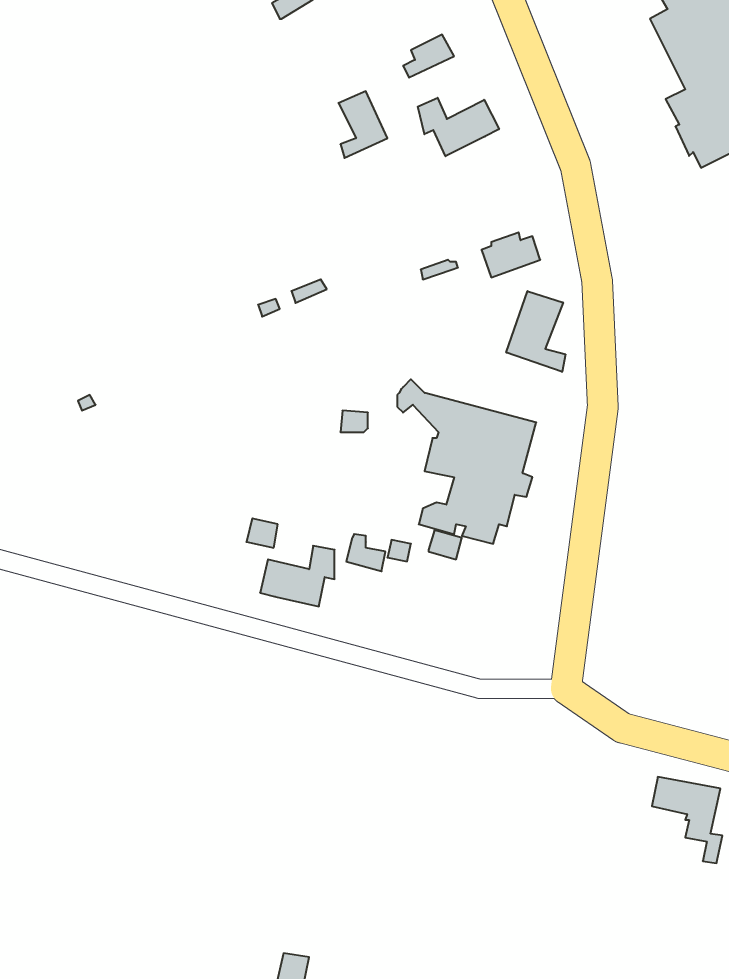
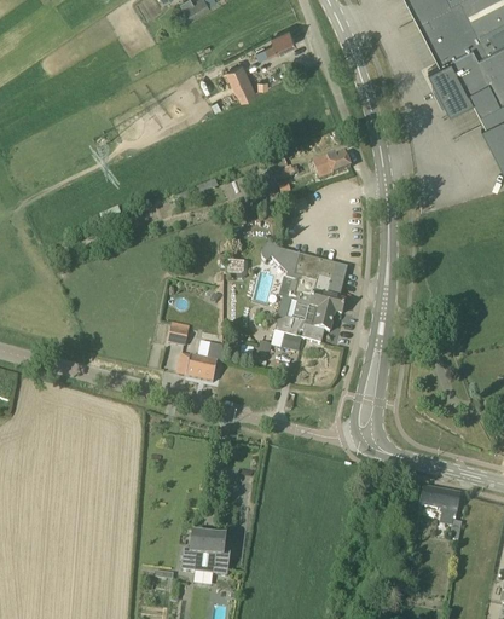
building: [418,98,499,156] -> none
building: [506,291,565,372] -> none
building: none -> [180,530,239,580]

